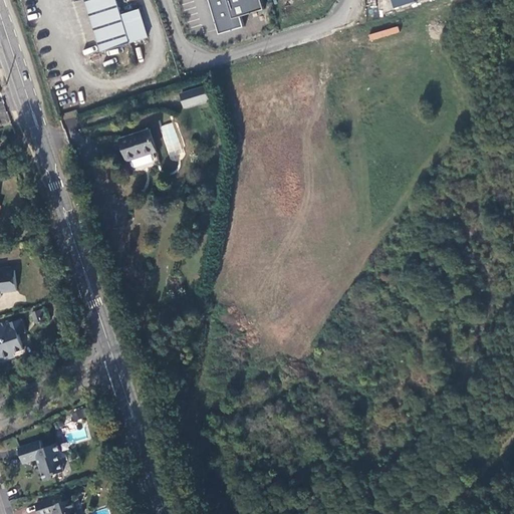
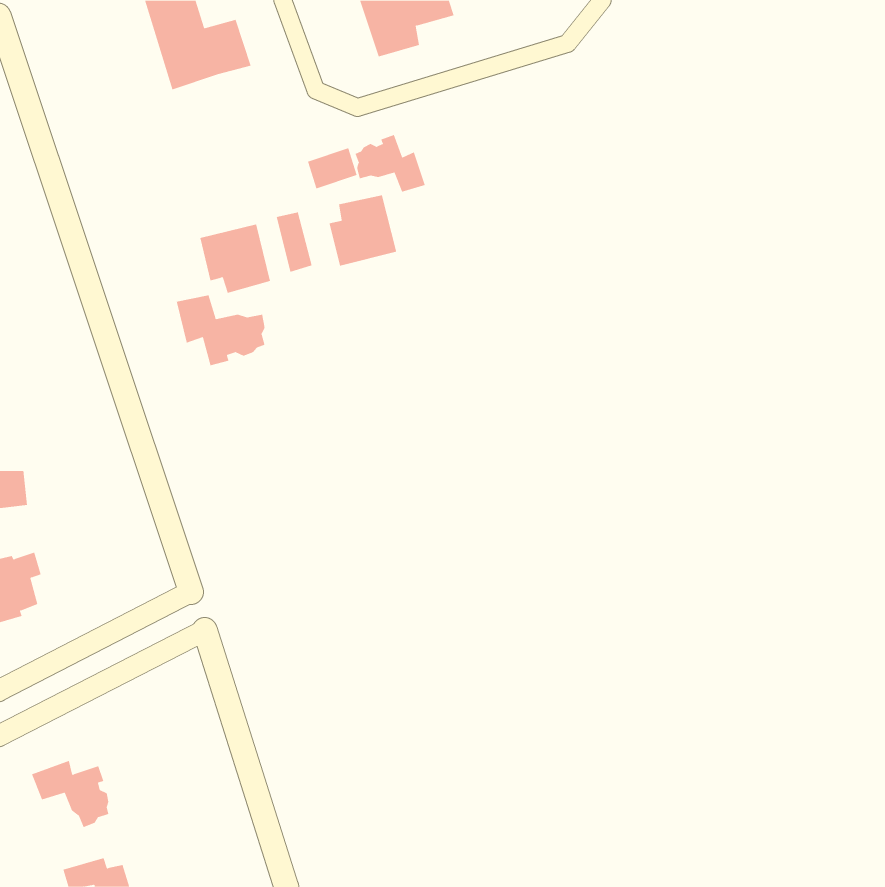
building: none -> [355,134,425,193]
building: none -> [329,194,397,266]
building: none -> [176,294,265,366]

